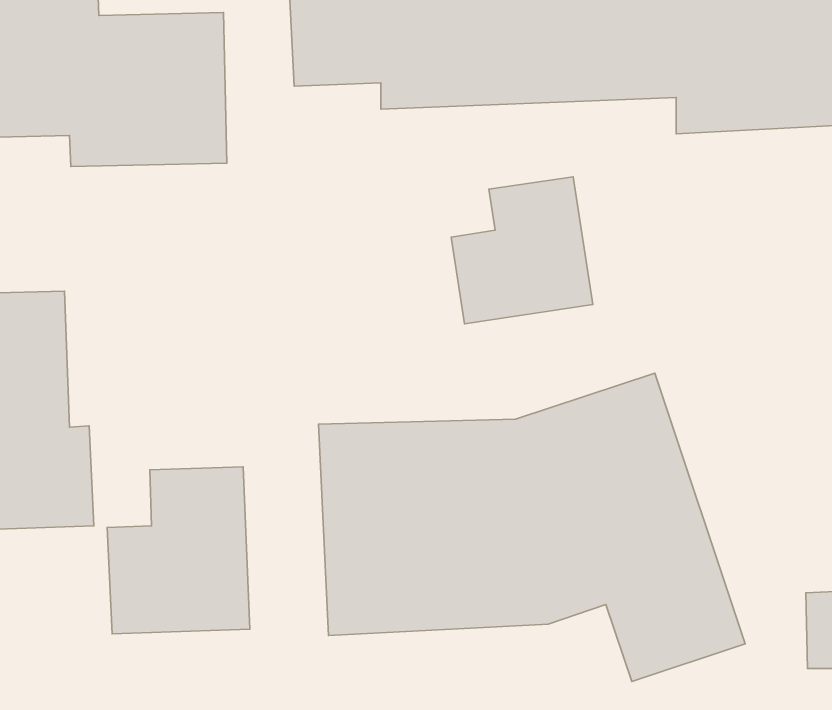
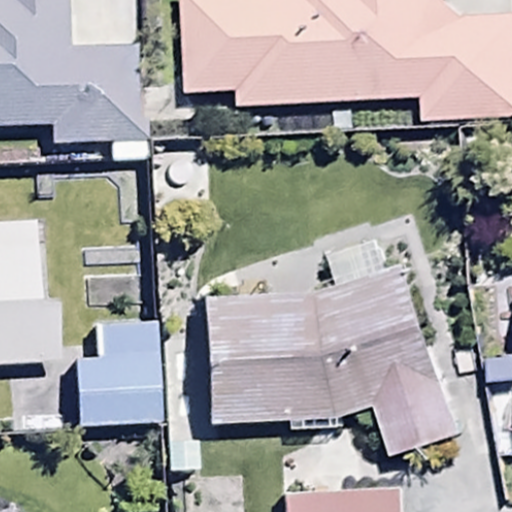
building: [451,177,593,324] -> none

